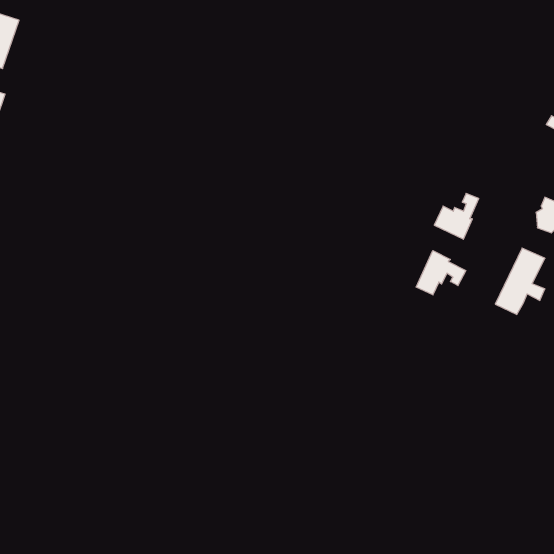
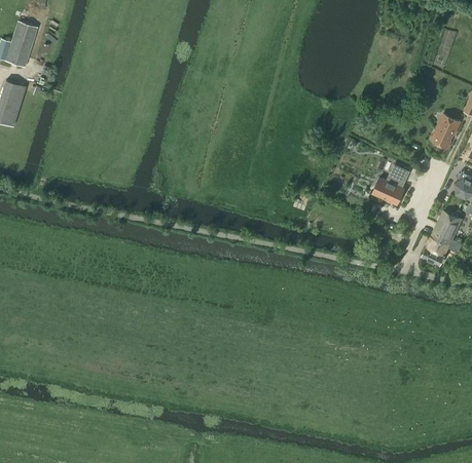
building: none -> [431,114,460,149]
building: [416,251,466,295] -> none

